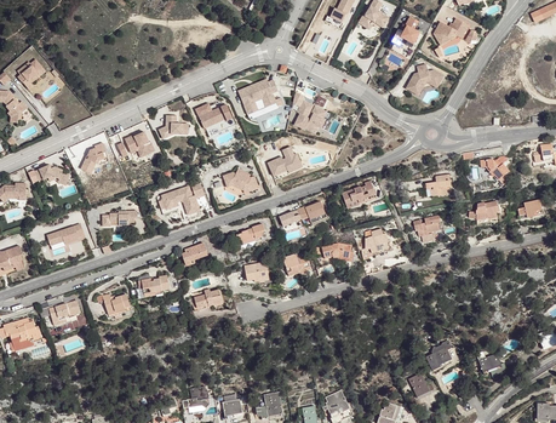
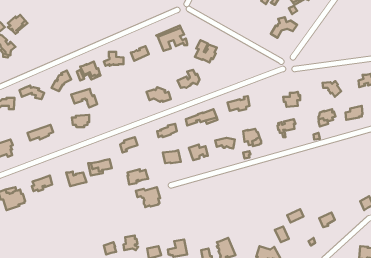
building: [157,185,196,213] -> [71,89,97,108]
building: none -> [136,187,160,207]

